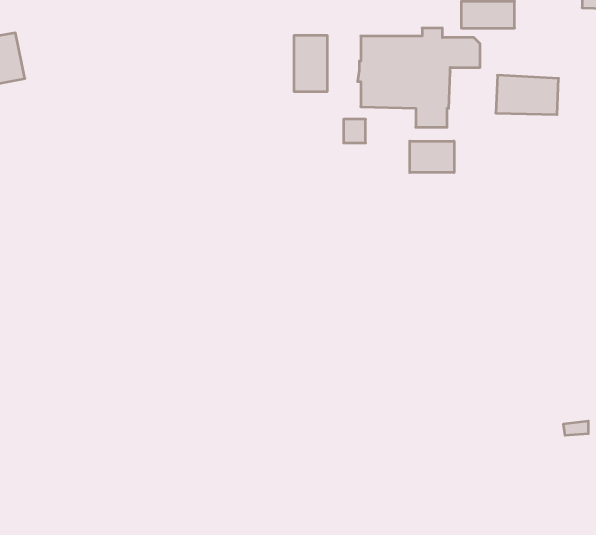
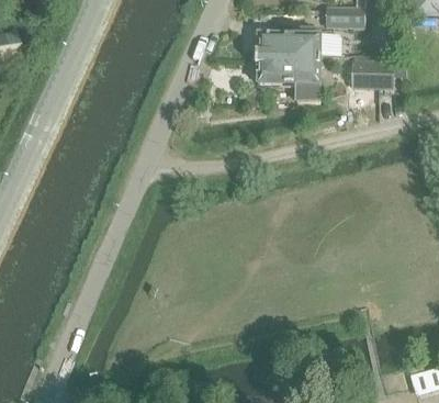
building: [294,35,327,92] -> none
building: [410,141,454,173] -> none

